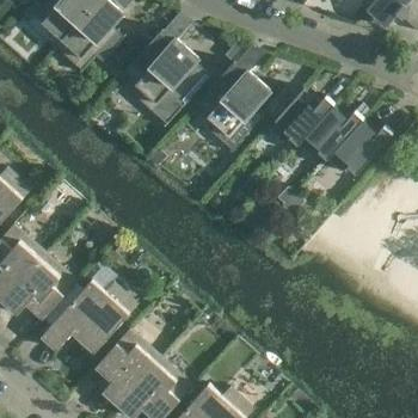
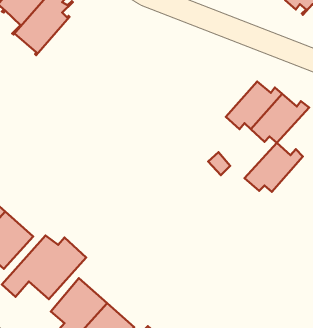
building: [122,30,197,121] -> none
building: [193,62,269,153] -> none
building: [266,88,333,145] -> [245,143,303,192]

